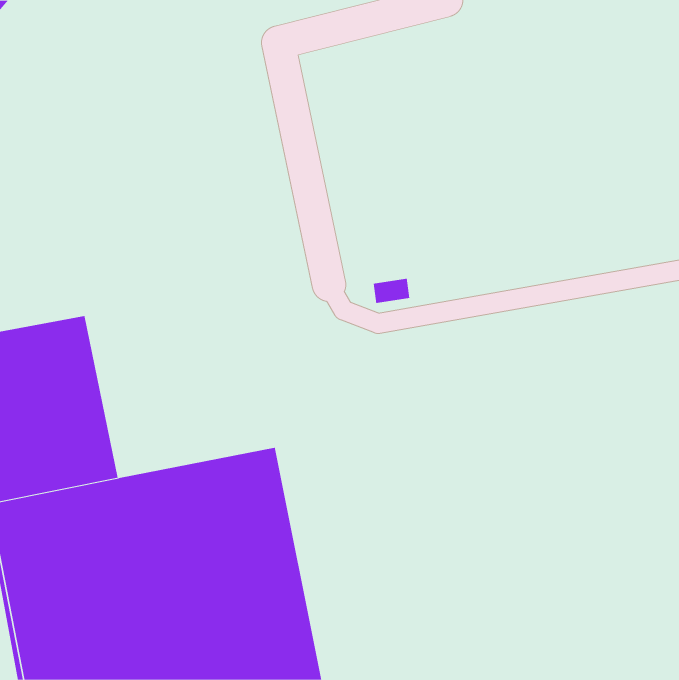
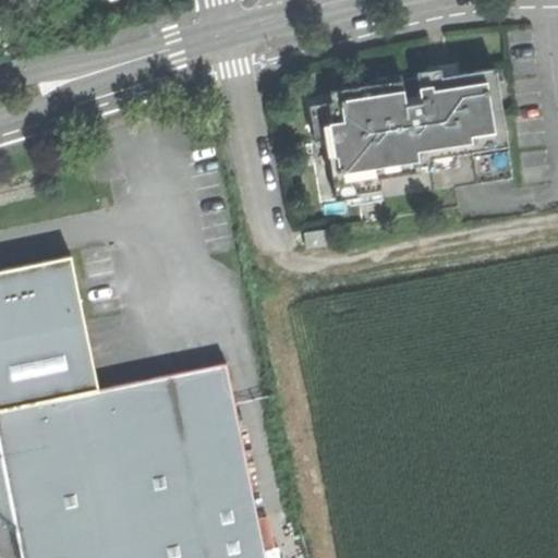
building: none -> [315,69,510,202]

